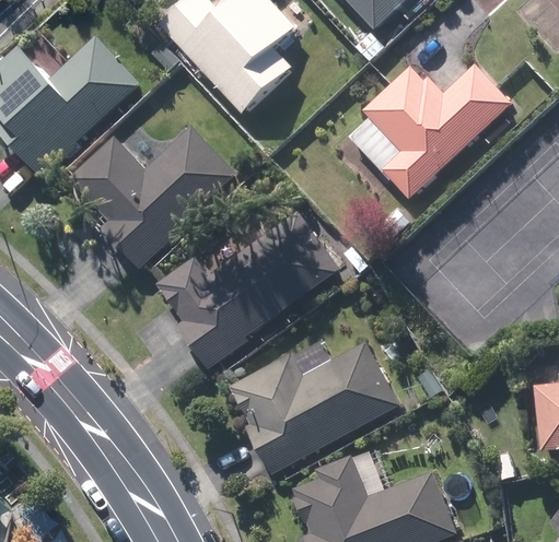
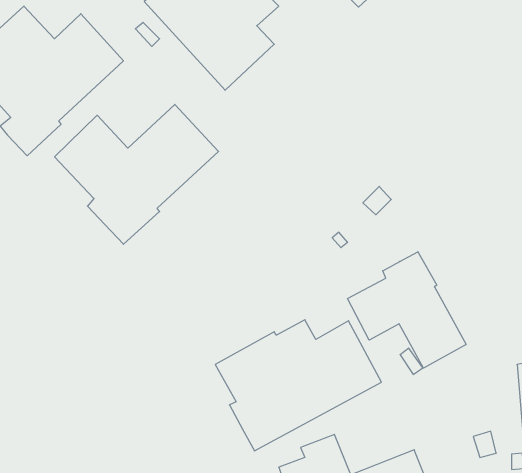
building: [364,66,511,198] -> none
building: [156,212,338,368] -> none
building: none -> [348,252,466,368]

